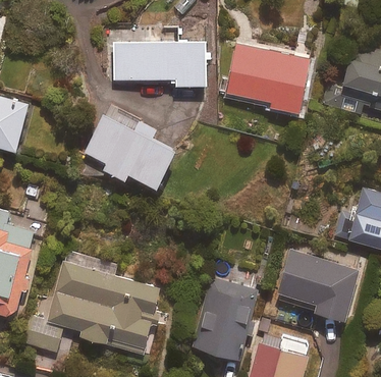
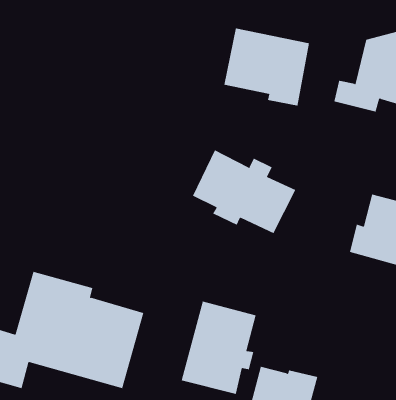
building: [117,39,207,83] -> none
building: [85,114,174,186] -> [192,149,296,234]
building: [278,251,359,320] -> none

